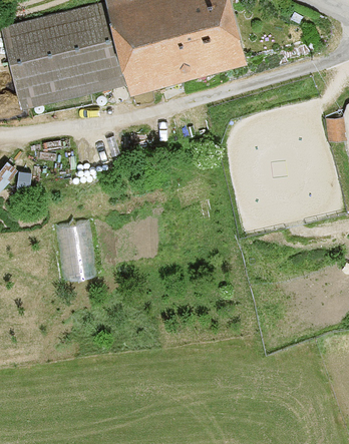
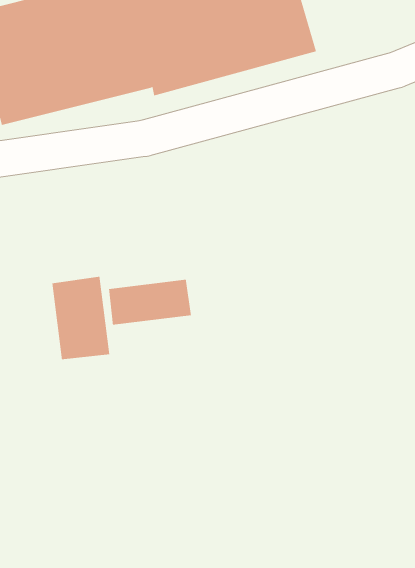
building: none -> [109,279,191,326]

